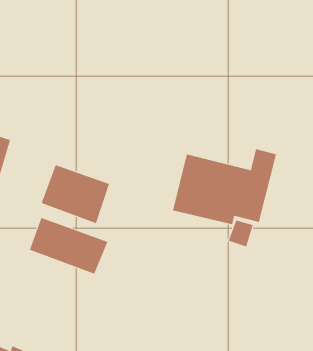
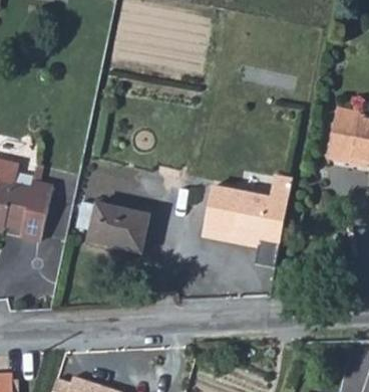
building: [29,217,108,275] -> none

